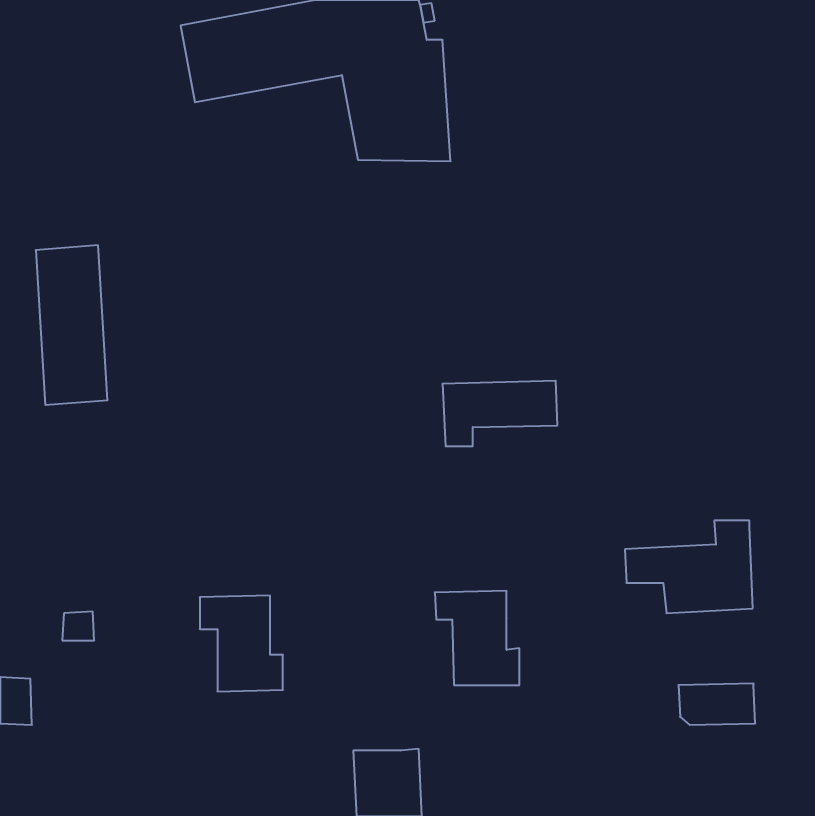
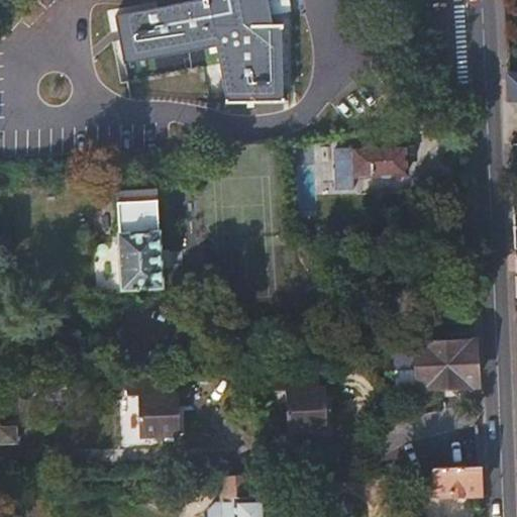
building: [36,245,108,405] -> [118,189,164,290]
building: [442,381,557,446] -> [329,146,402,188]
building: [678,683,755,725] -> [434,469,483,495]

